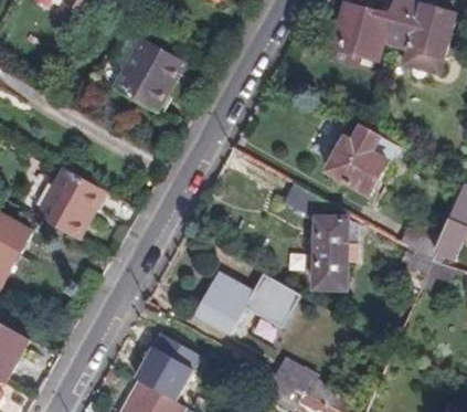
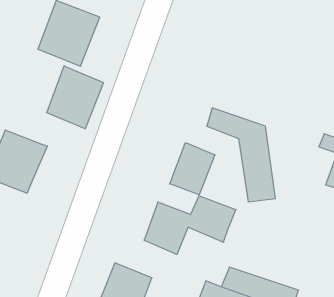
building: none -> [47,66,103,129]
building: [326,125,386,193] -> none
building: none -> [170,143,215,195]

